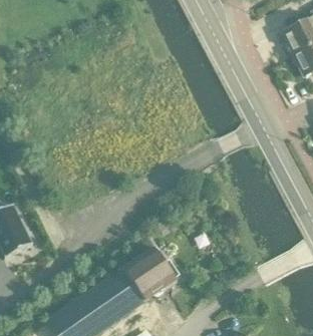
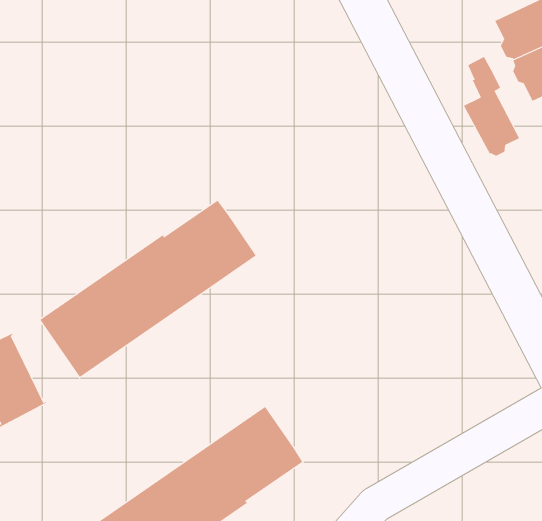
building: none -> [463,56,520,156]
building: none -> [40,200,257,378]

